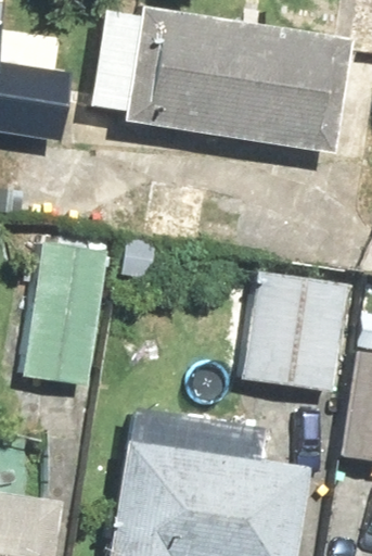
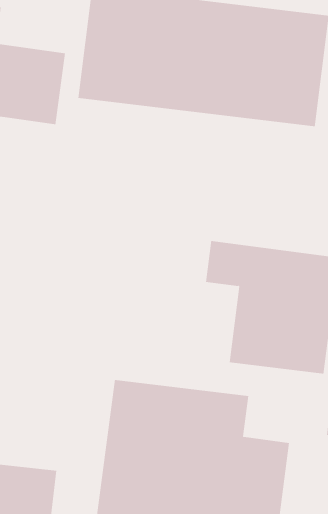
building: [17,226,102,389] -> none

